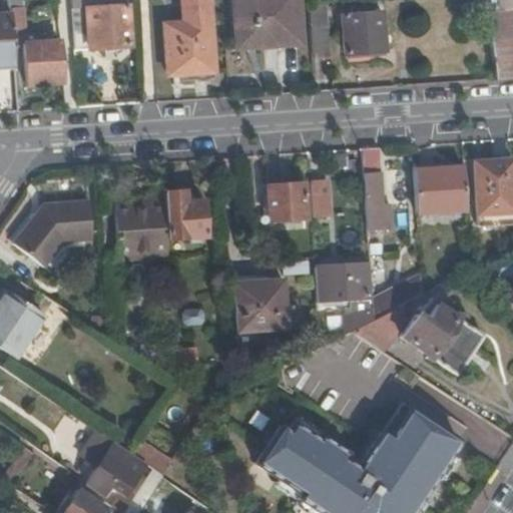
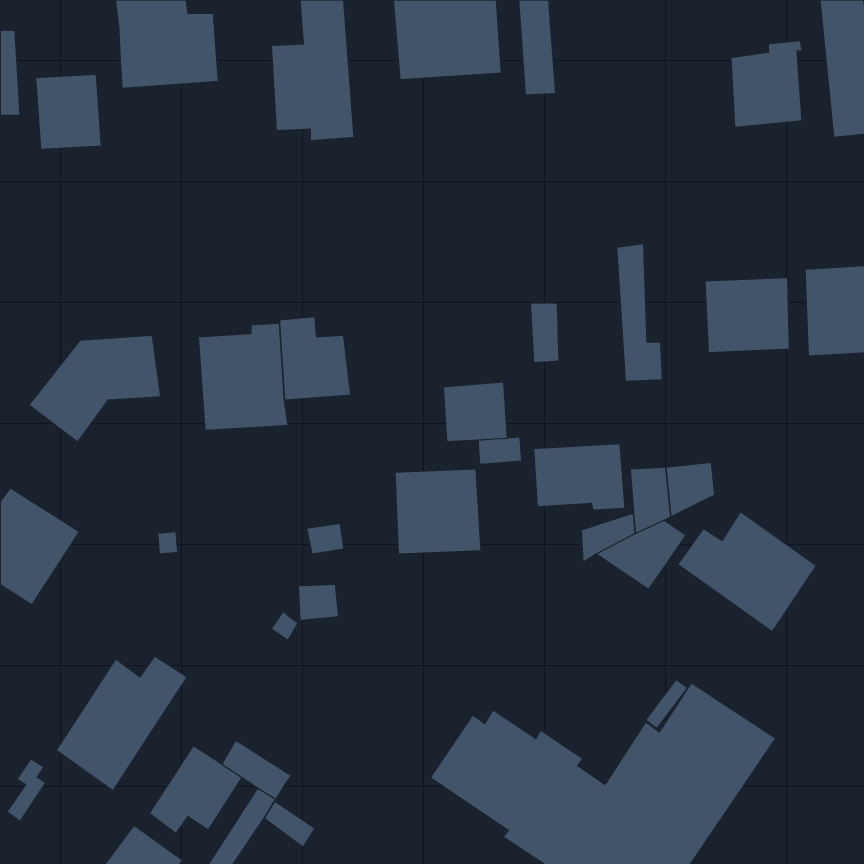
building: [343,8,385,59] -> [731,41,802,127]
building: [271,182,309,217] -> [443,382,507,441]
building: none -> [56,656,187,791]

